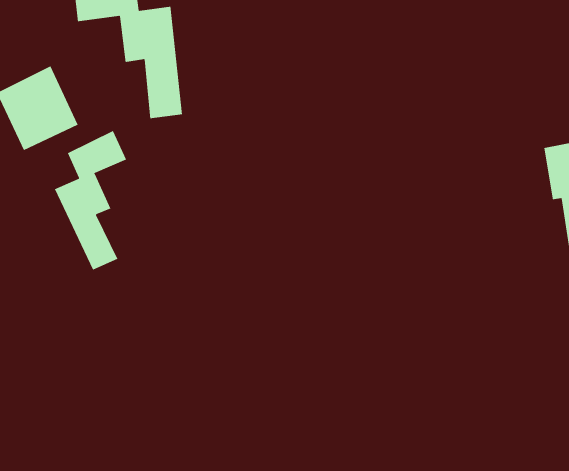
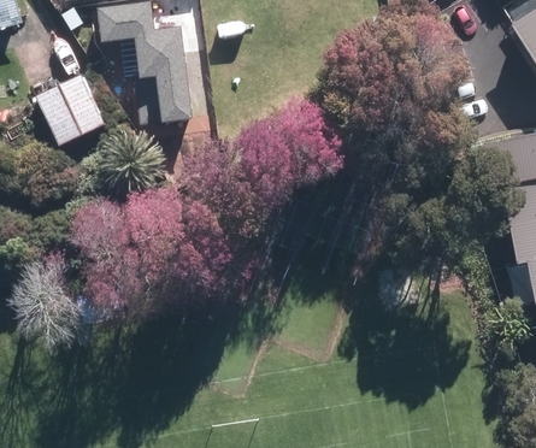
building: [54,130,127,271] -> none

